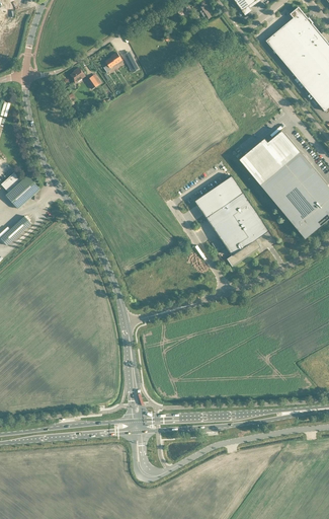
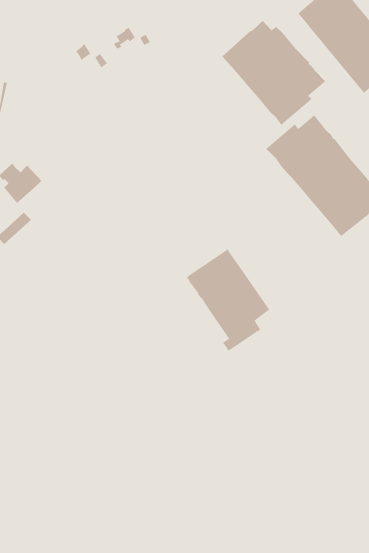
building: none -> [222,20,326,126]
building: [193,175,268,267] -> [186,248,270,352]

